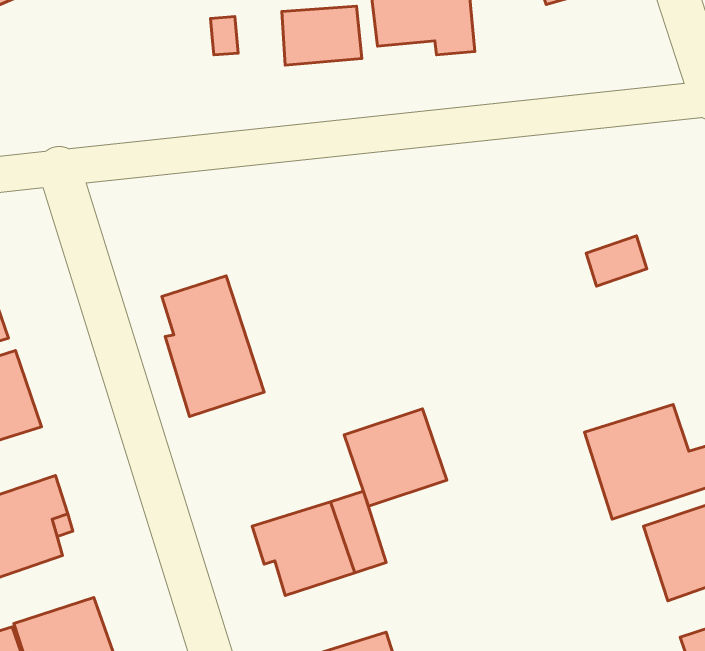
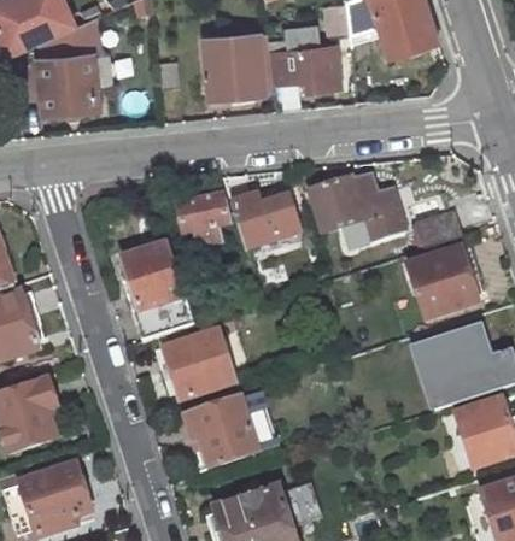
building: none -> [39,54,95,112]
building: none -> [309,174,404,243]
building: none -> [230,194,297,245]
building: none -> [176,195,224,245]
building: none -> [408,248,475,316]
building: [344,409,447,506] -> [164,329,235,396]

